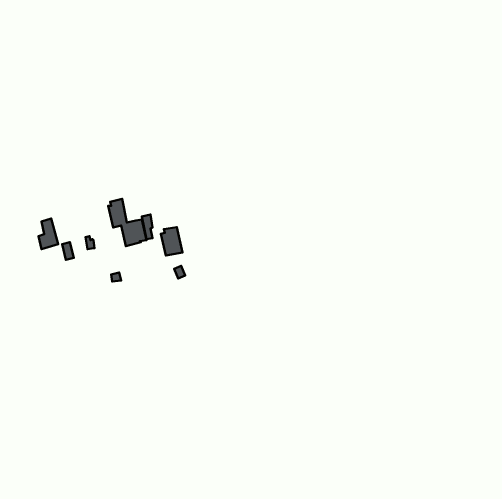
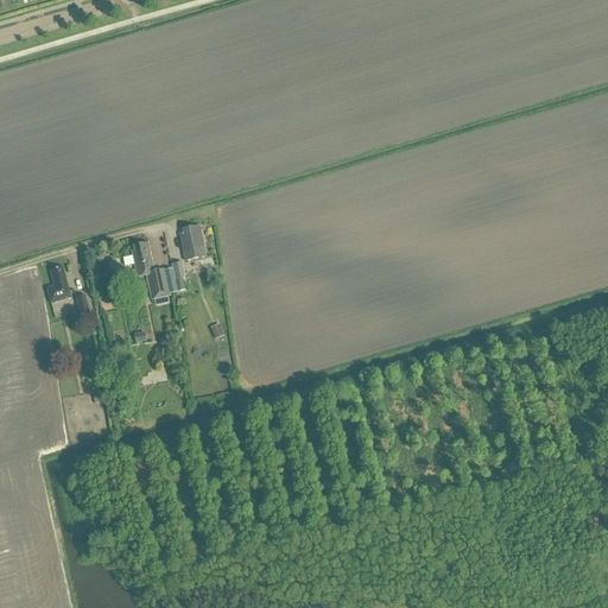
building: [161,227,183,256] -> [179,223,205,258]

